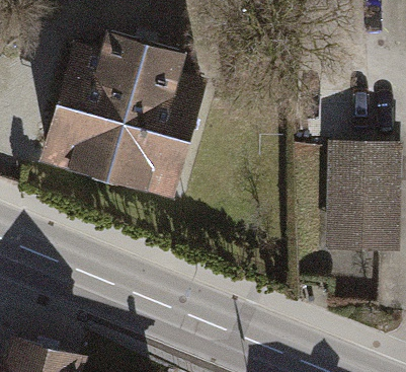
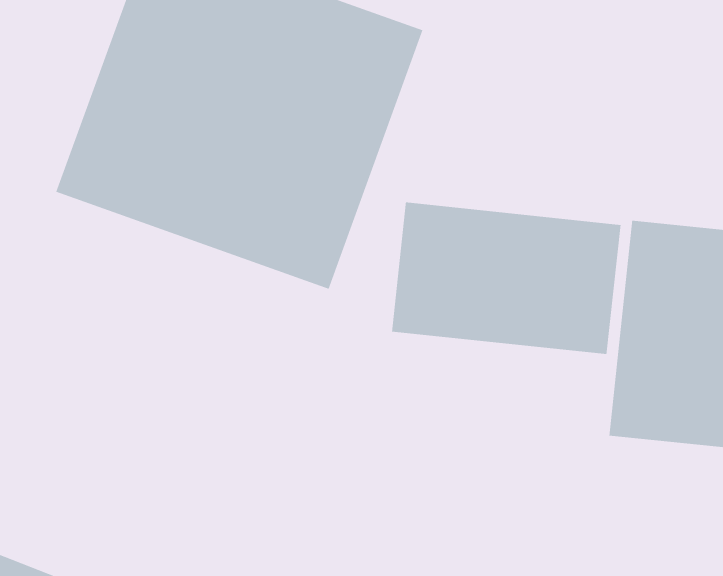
building: none -> [391,202,622,355]

